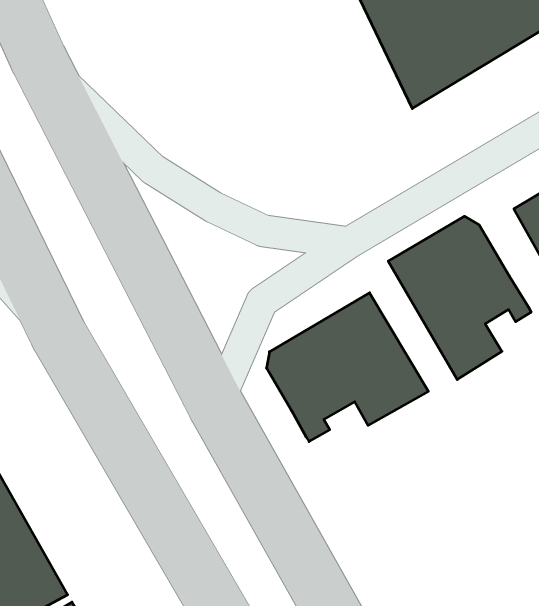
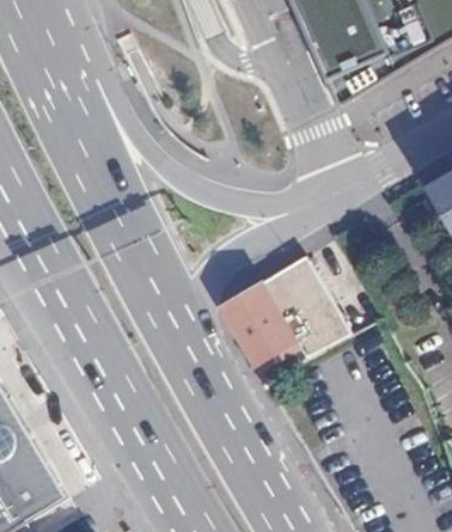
building: [388,216,531,380] -> none

